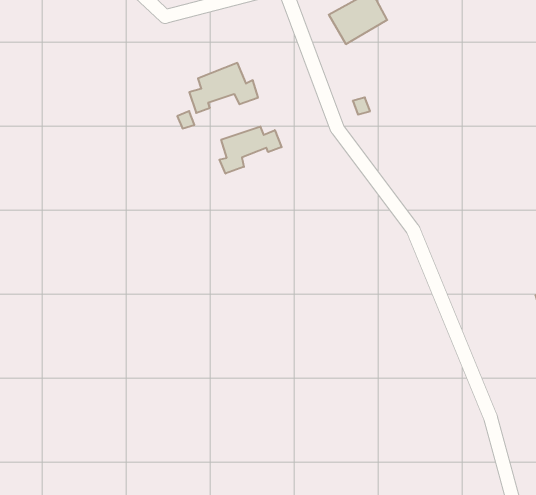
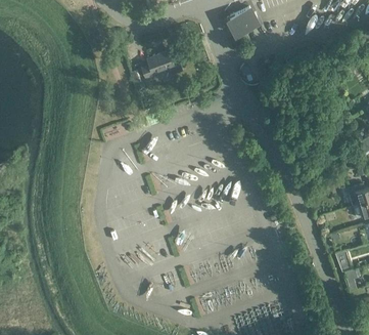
building: [219,126,282,174] -> none

